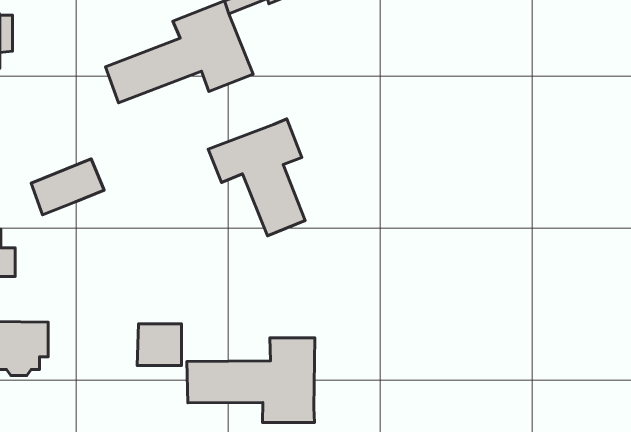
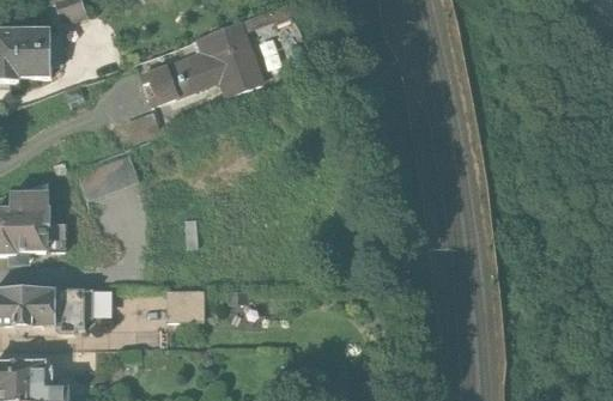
building: [208,119,305,236] -> none
building: [187,338,315,422] -> none

